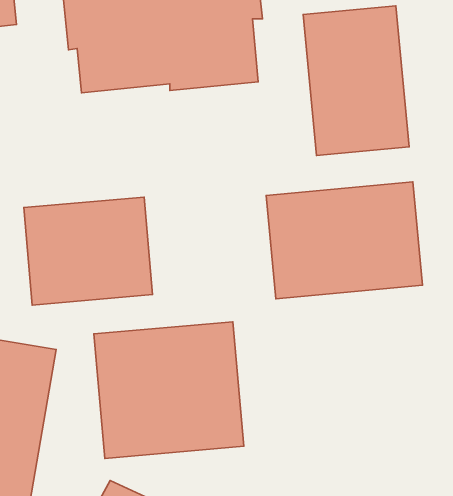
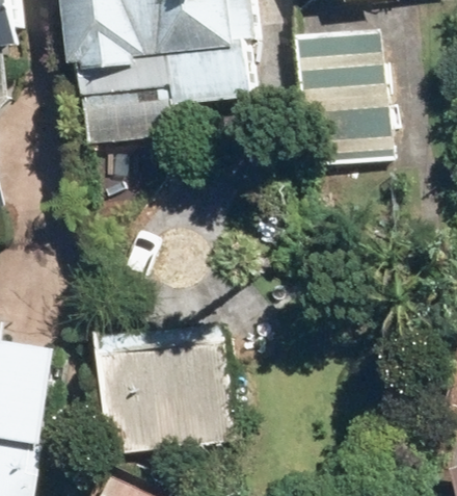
building: [266,182,422,299] -> none
building: [24,197,153,305] -> none

